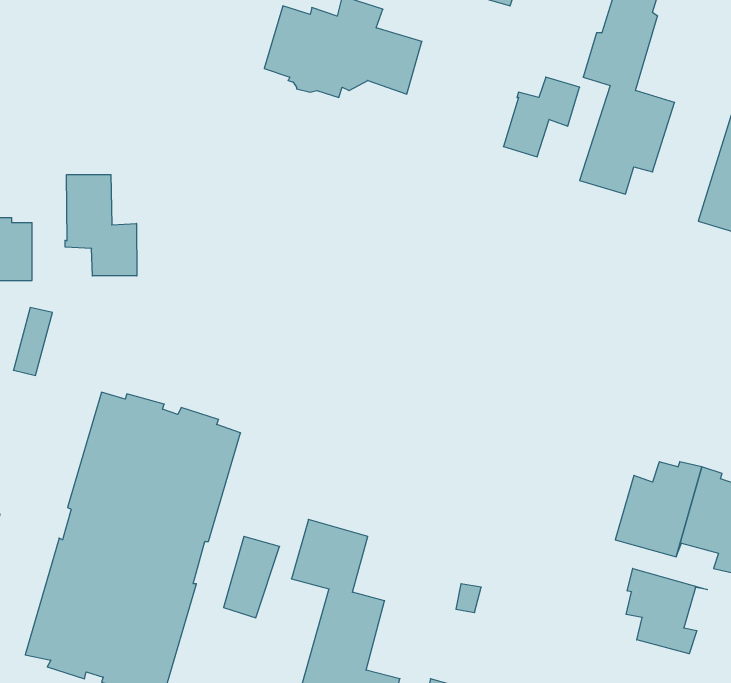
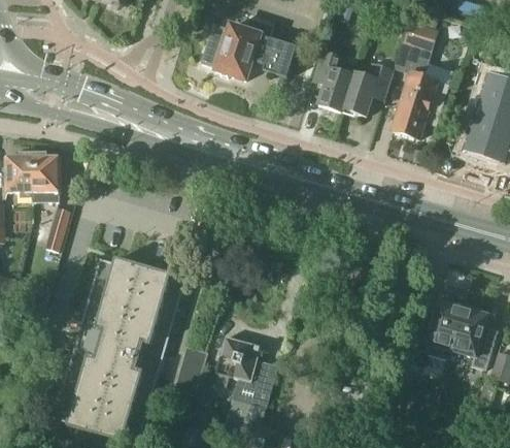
building: none -> [311,50,353,110]
building: [65,175,137,276] -> none
building: [626,568,707,654] -> none

